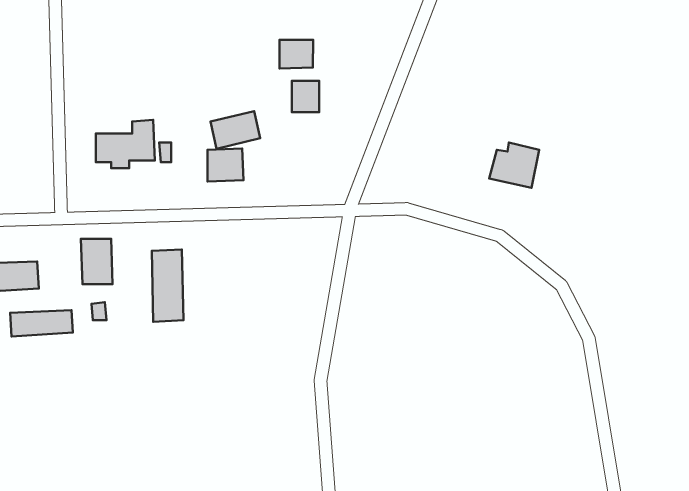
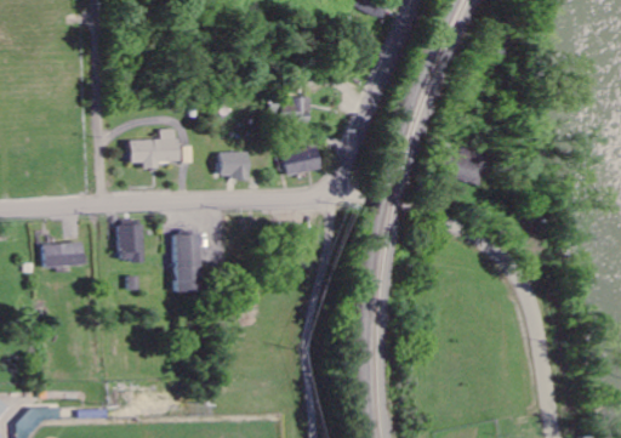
building: [280,40,313,69] -> none
building: [210,111,260,149] -> [283,146,323,176]
building: [10,310,73,337] -> none

